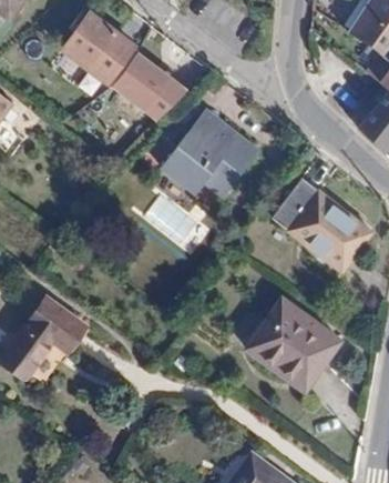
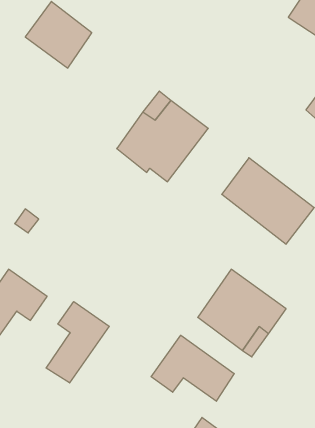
building: [109,50,187,122] -> none
building: none -> [46,302,109,383]
building: none -> [151,335,234,401]

